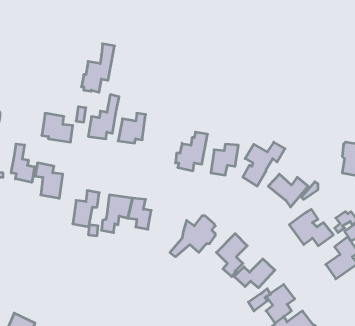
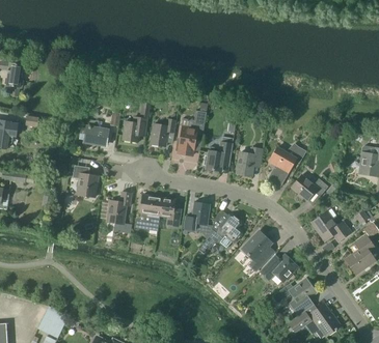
building: [81,44,115,92] -> [175,110,207,155]
building: [11,144,35,182] -> none
building: none -> [184,202,210,231]

